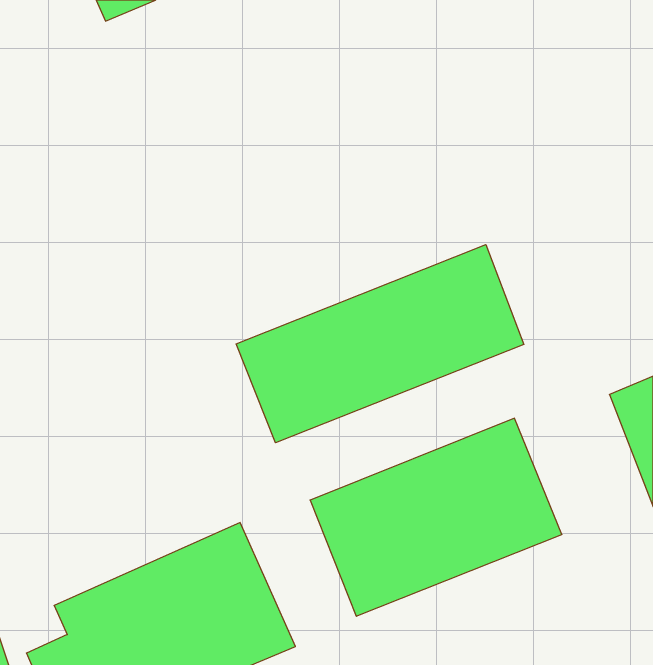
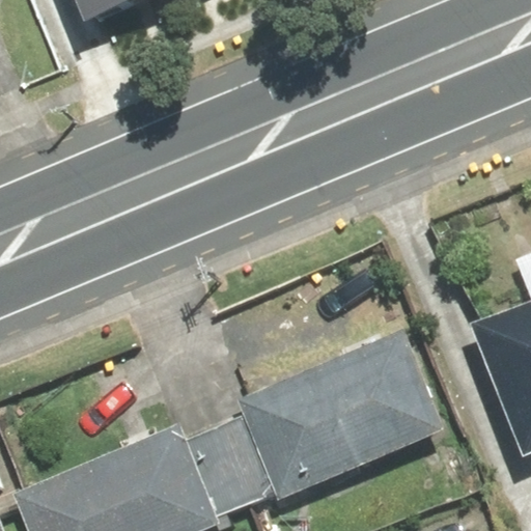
building: [236,245,524,443] -> none

